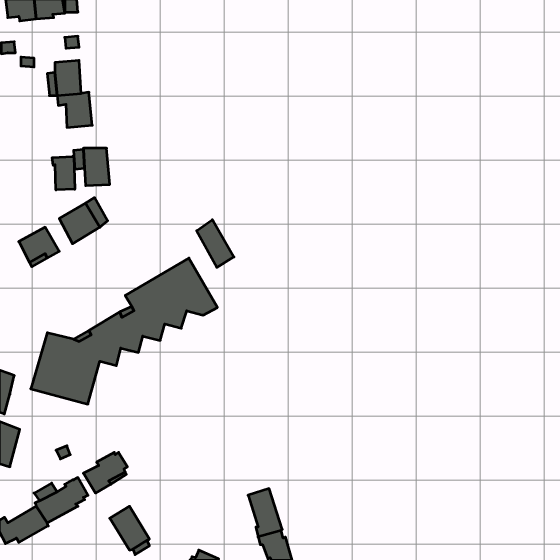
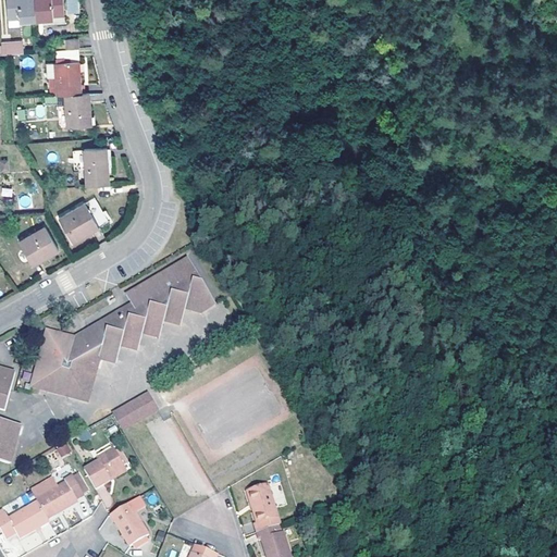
building: [52,156,75,190] -> none
building: [197,220,234,267] -> none
building: none -> [112,393,158,430]

